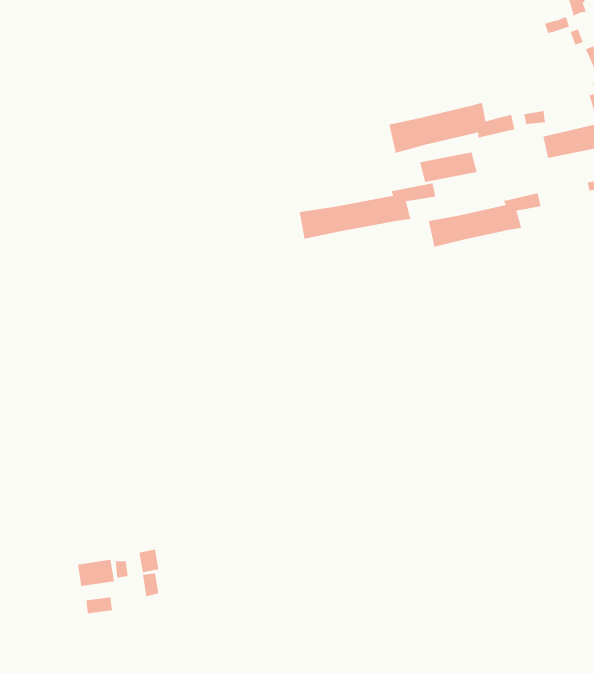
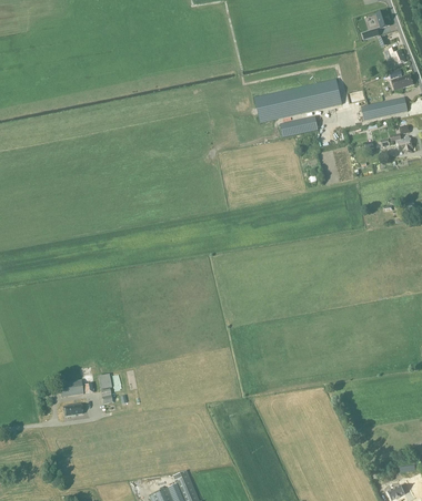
building: [299,183,436,239] -> none
building: [428,192,541,247] -> none

